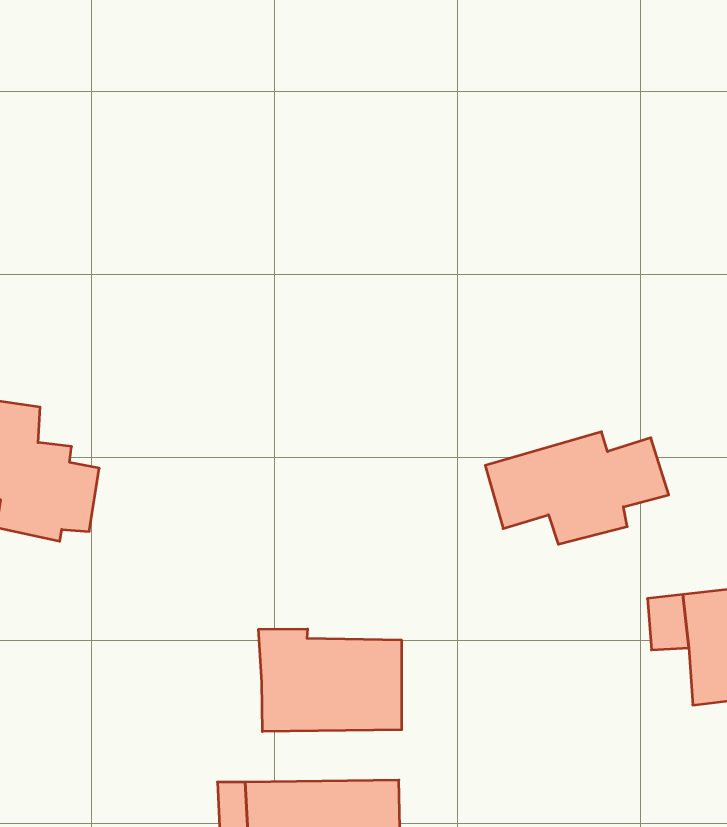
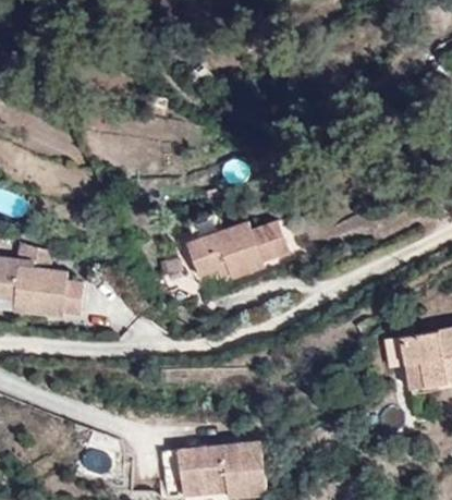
building: [485,432,669,544] -> [186,223,288,285]
building: [259,629,402,732] -> none

